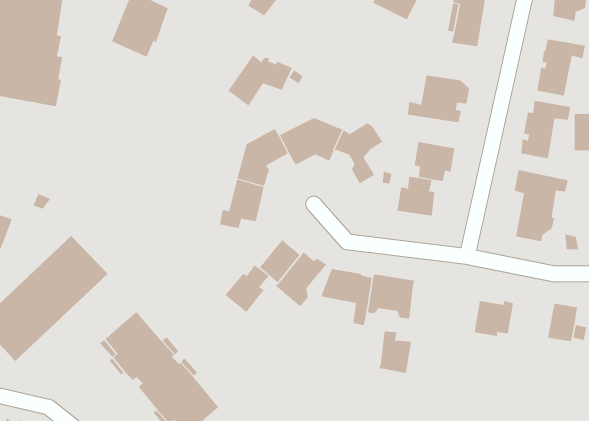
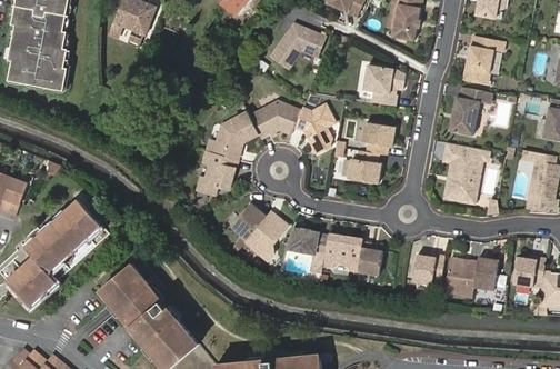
building: [228,55,293,107] -> [270,28,324,71]
building: [224,264,269,313] -> none
building: none -> [442,257,476,295]
building: [379,331,412,374] -> [356,240,383,276]

